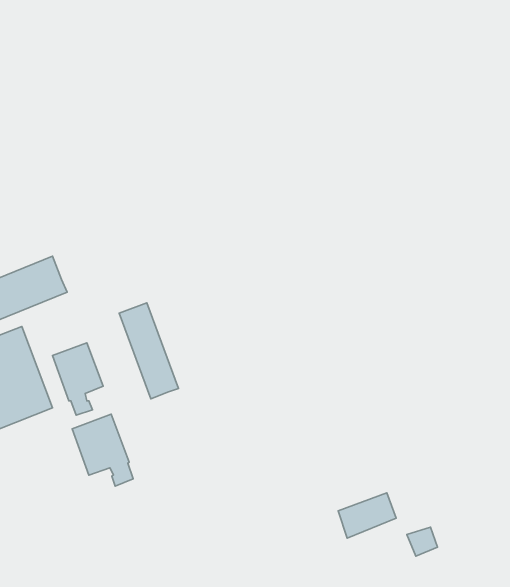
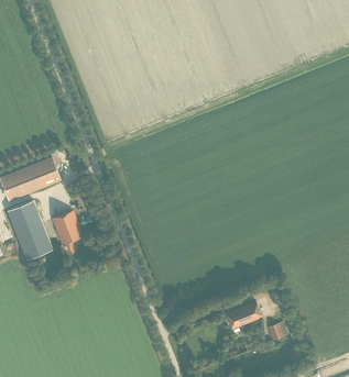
building: [119,303,179,399] -> none
building: [72,414,133,486] -> none

